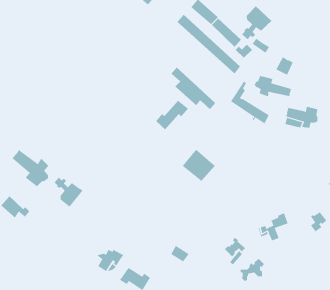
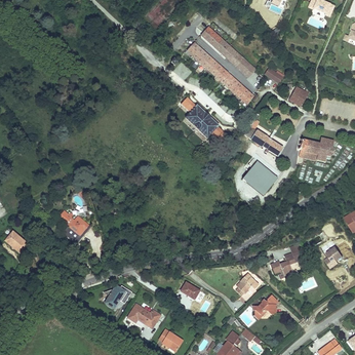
building: [242,5,273,40] -> none
building: [254,75,293,98] -> none
building: [155,100,189,130] -> none
building: [11,147,50,187] -> none
building: [182,149,215,182] -> [243,160,278,194]

